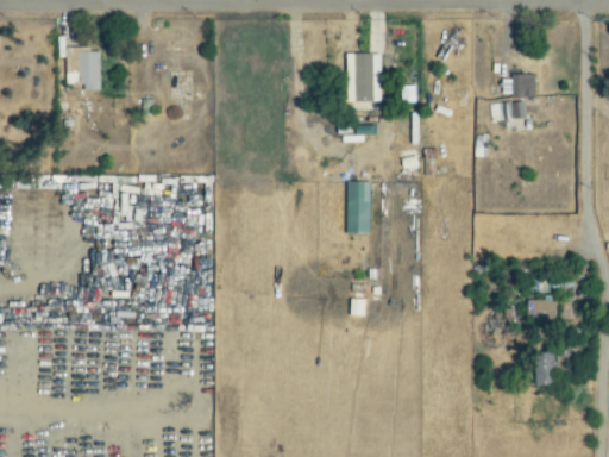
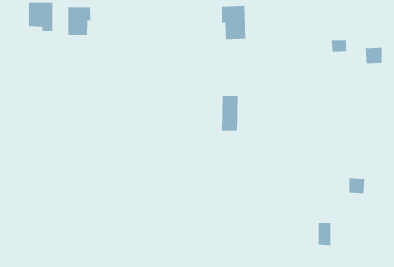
building: none -> [68,7,91,36]
building: [511,75,536,99] -> [365,47,382,64]
building: [535,352,554,386] -> [318,223,331,246]

